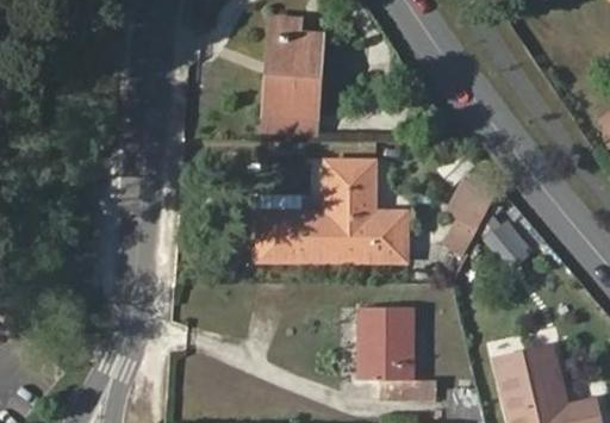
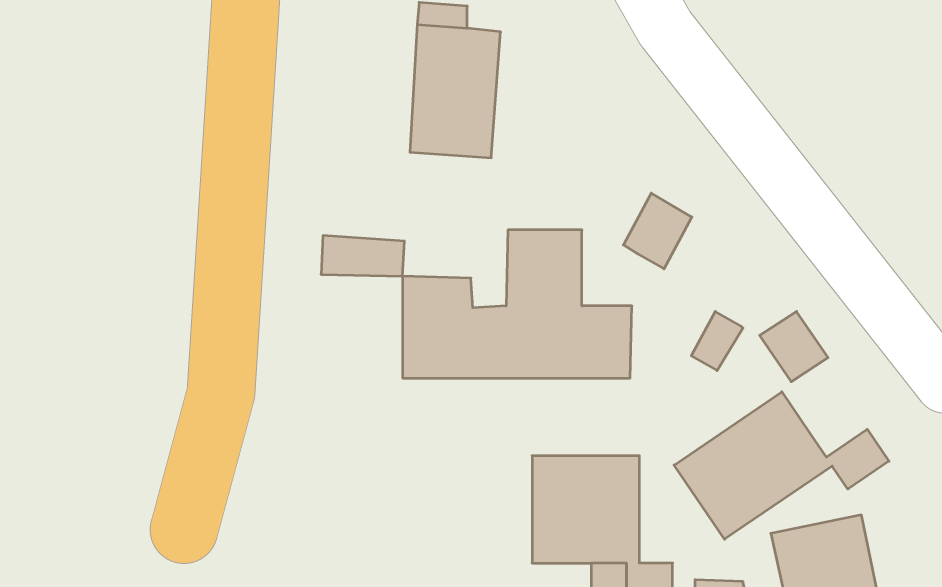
building: [263,114,317,141] -> [321,236,404,276]
building: [452,178,496,226] -> [623,193,692,269]
building: none -> [674,392,889,539]

